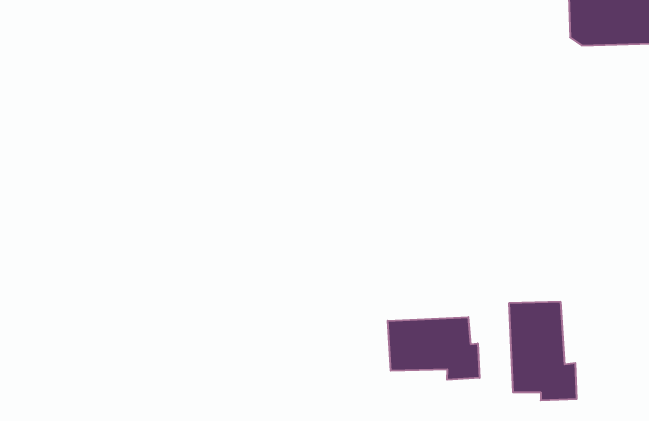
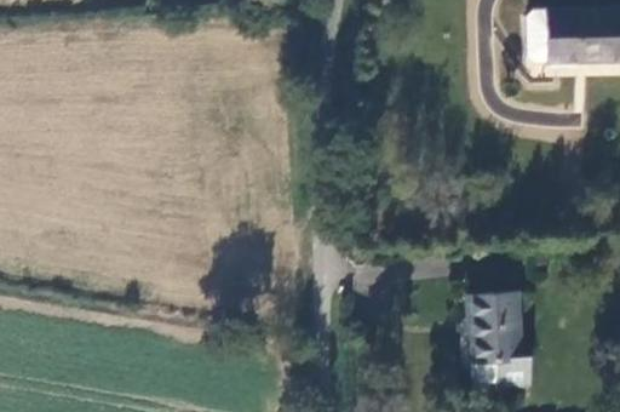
building: [388,317,480,380] -> none

